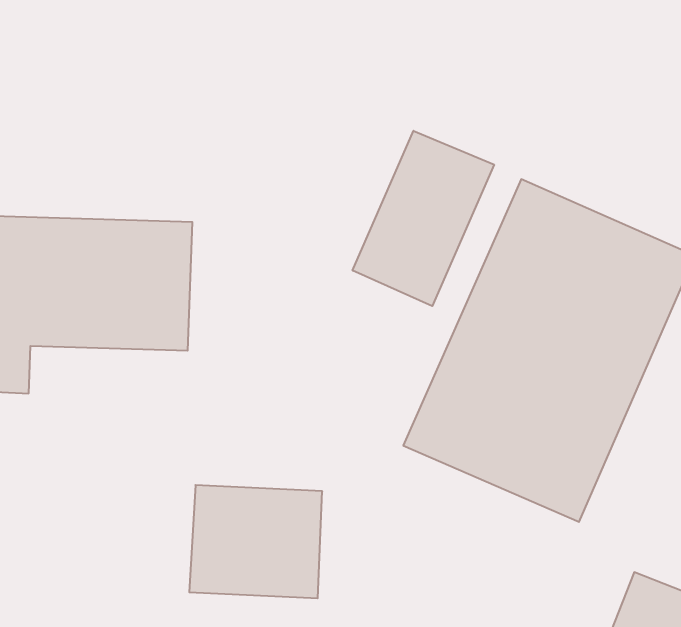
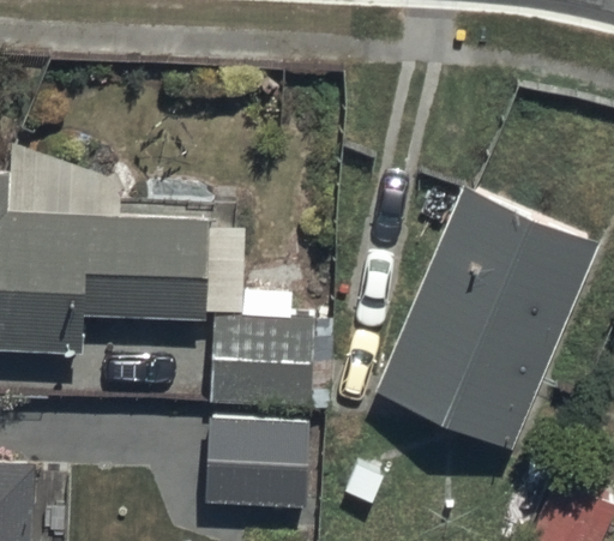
building: [353,131,494,306] -> none
building: none -> [210,314,314,407]

